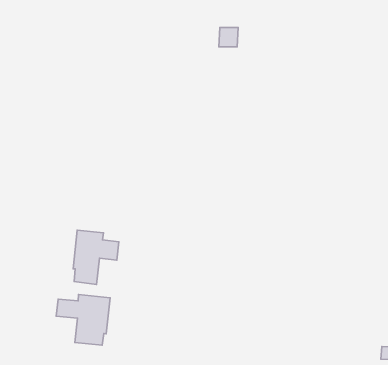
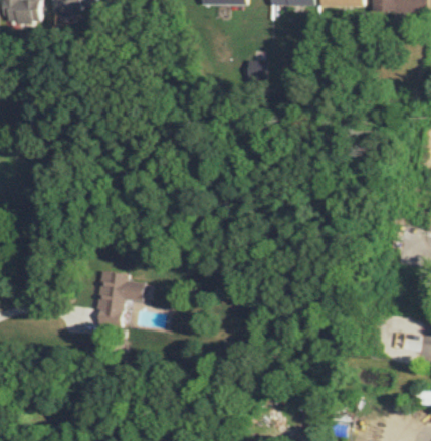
building: [56,295,110,345] -> none

